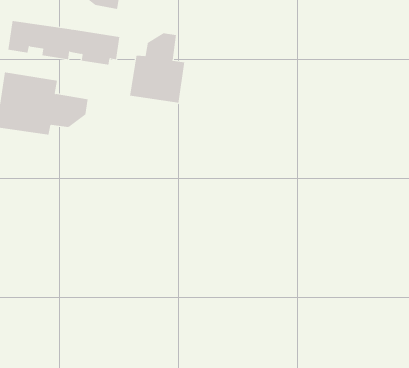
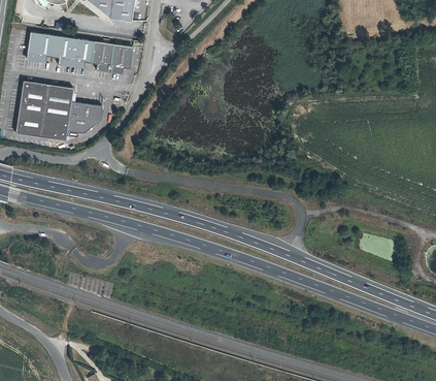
building: [129,32,185,104] -> none

